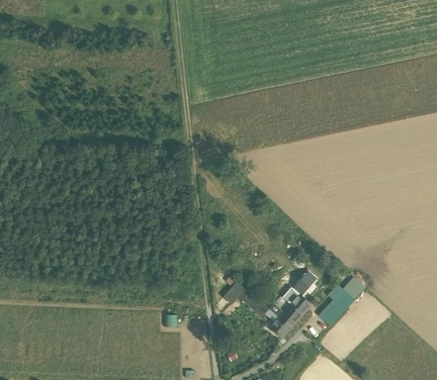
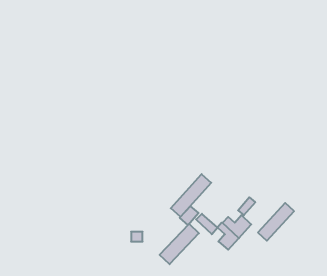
building: none -> [171,174,211,217]
building: none -> [160,224,199,264]

